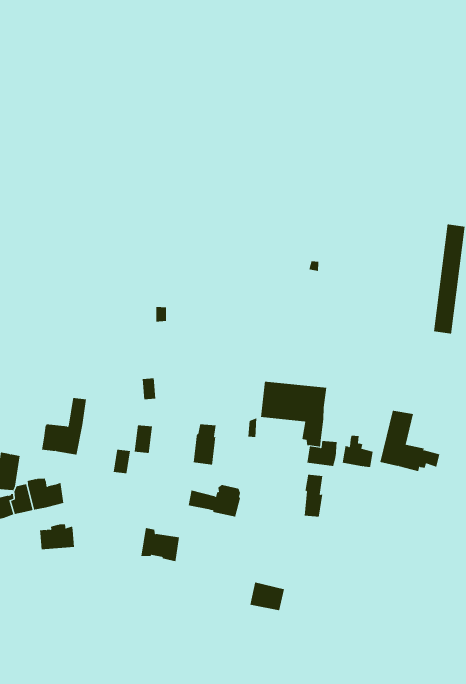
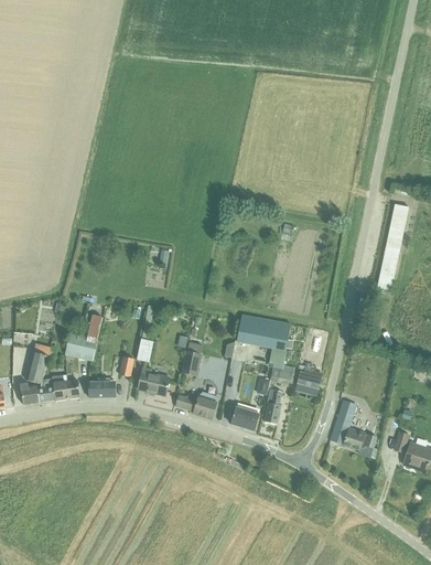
building: [380,410,440,472] -> [328,399,376,449]
building: [39,524,75,550] -> [88,377,115,396]
building: [140,527,180,562] -> [137,367,169,396]
building: [249,582,285,611] -> [230,406,259,430]

